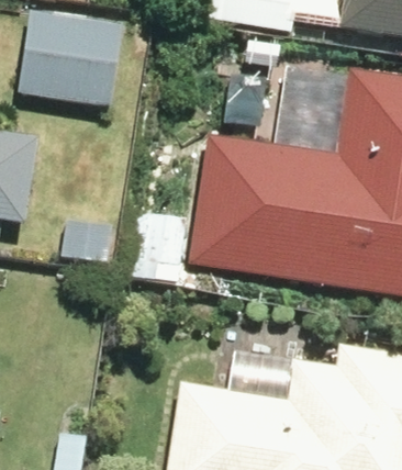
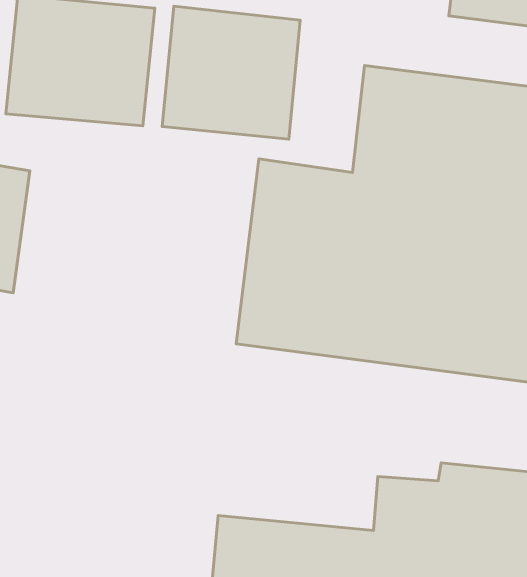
building: none -> [162,6,300,139]

